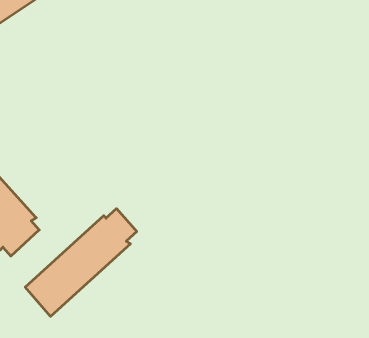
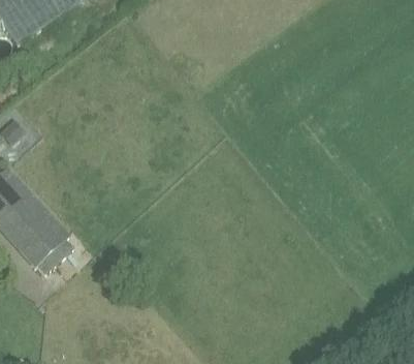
building: [25,209,137,316] -> none

